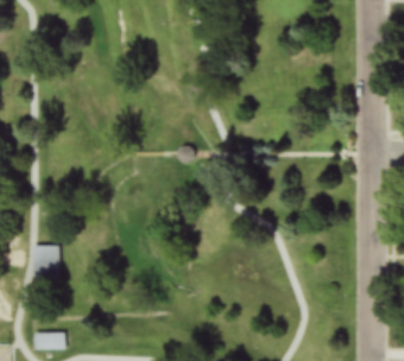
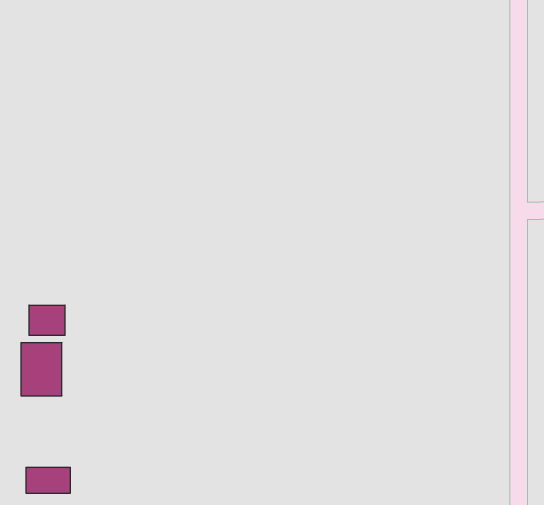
building: none -> [29,305,65,335]

